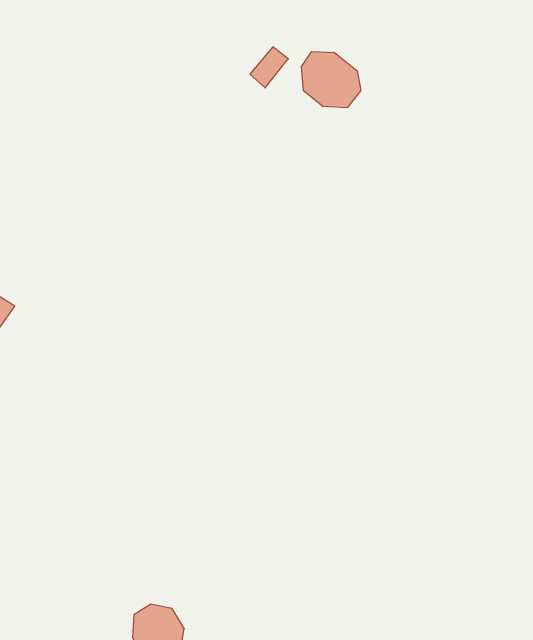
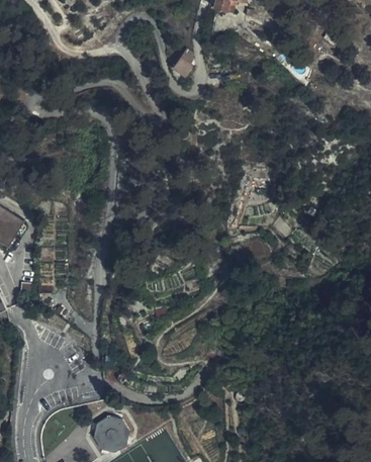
building: [301,52,361,108] -> none

